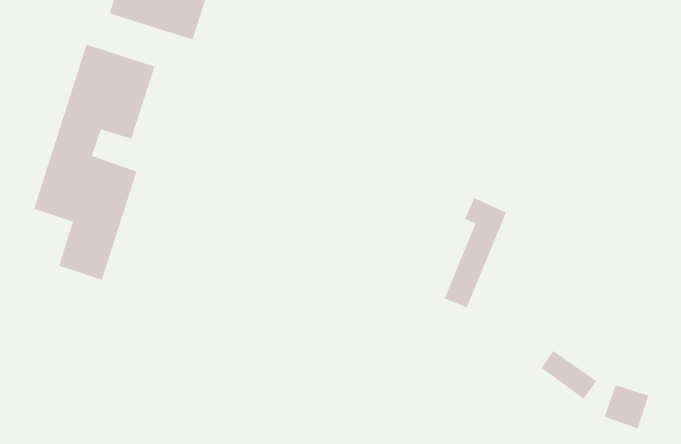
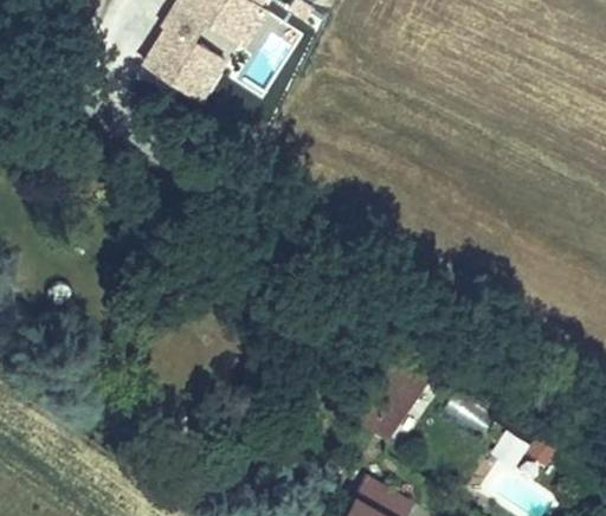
building: [33,44,155,281] -> none
building: [444,197,507,308] -> [372,351,433,440]

